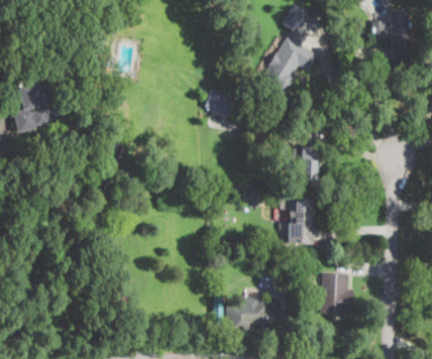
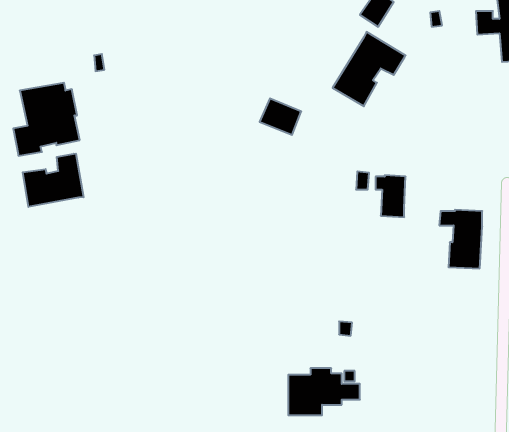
building: none -> [23,154,84,207]
building: [282,198,315,243] -> [439,210,482,268]
building: [317,272,354,316] -> none

